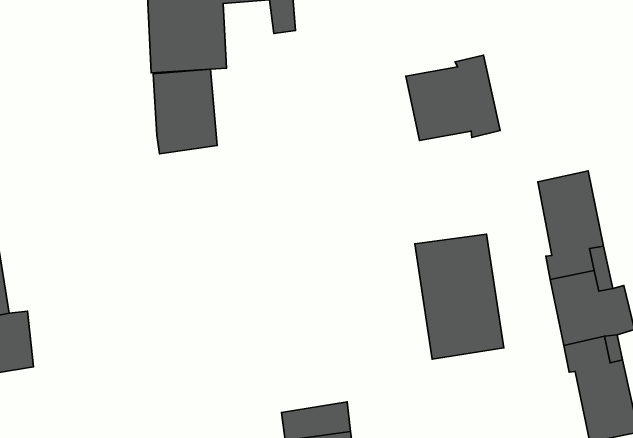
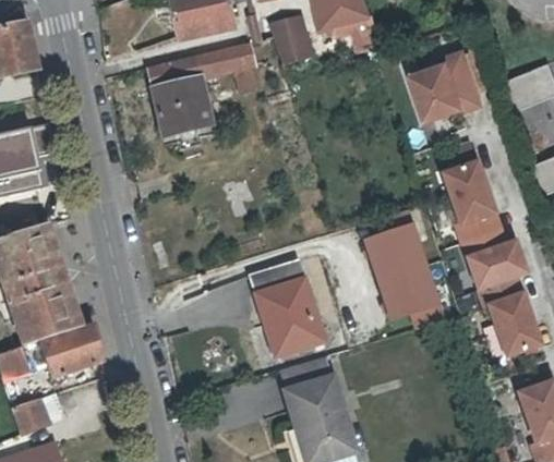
building: [406,55,500,141] -> [409,54,482,122]
building: [153,69,217,154] -> none
building: none -> [251,262,323,354]

